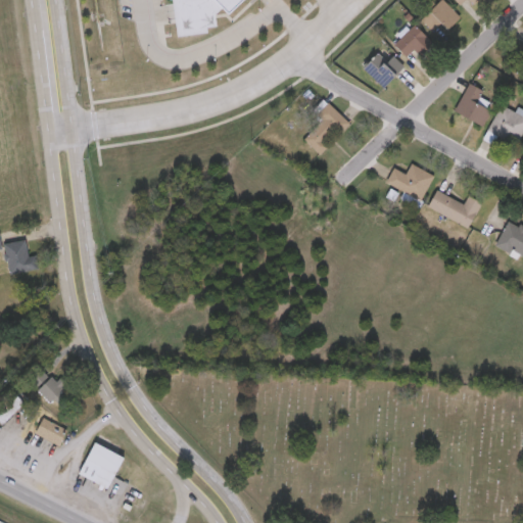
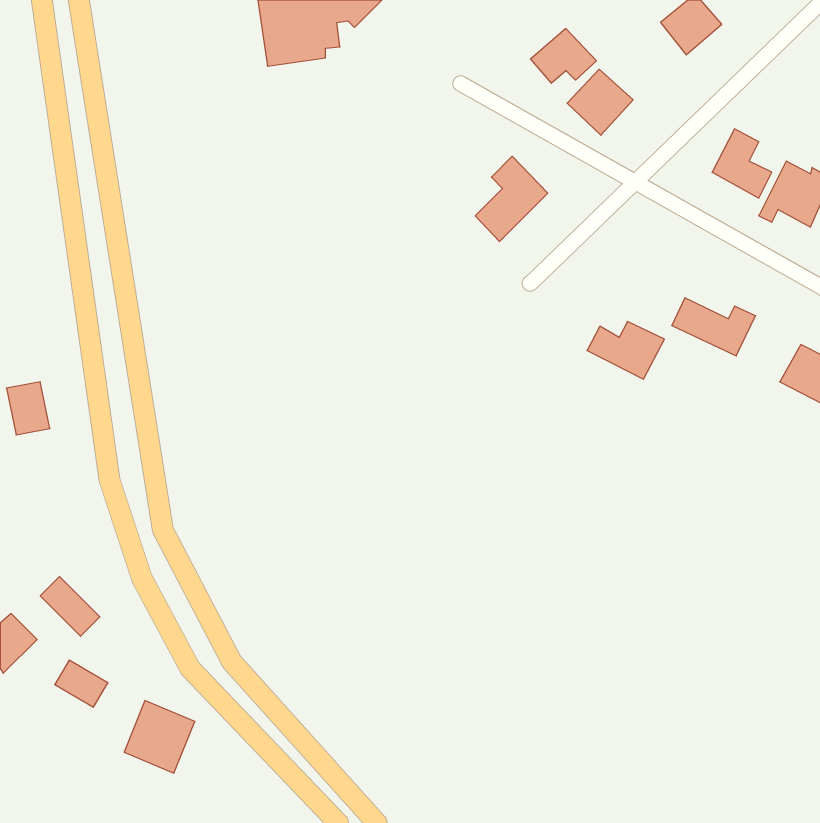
building: [392,21,434,56] -> [530,29,596,83]
building: [385,162,434,199] -> [587,321,664,379]

